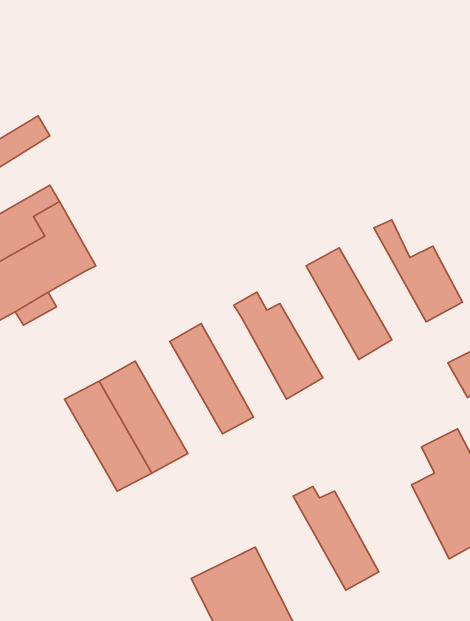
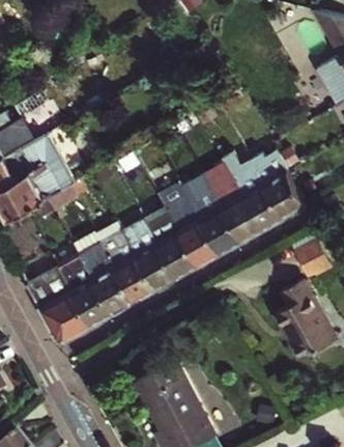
building: none -> [229,161,284,231]
building: none -> [184,185,241,255]
building: none -> [101,232,155,303]
building: none -> [25,269,89,341]
building: [293,486,379,590] -> [142,215,196,280]

